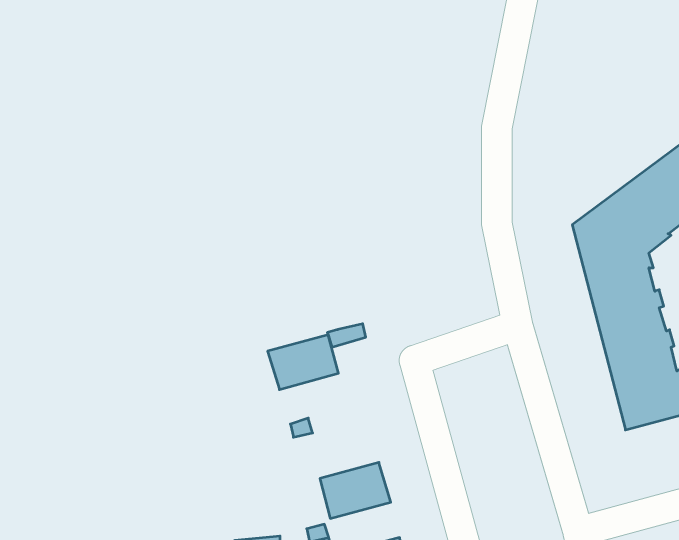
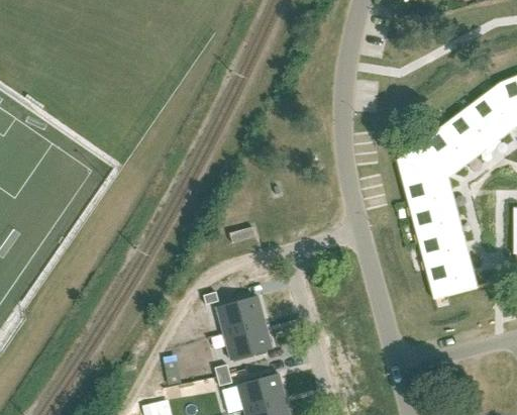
building: [268,335,338,390] -> [216,296,265,333]

